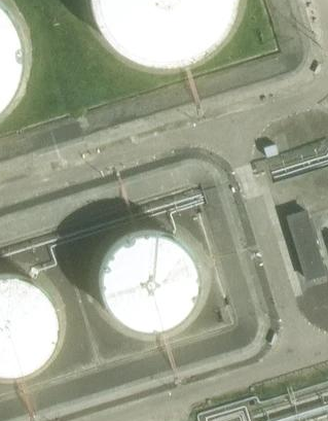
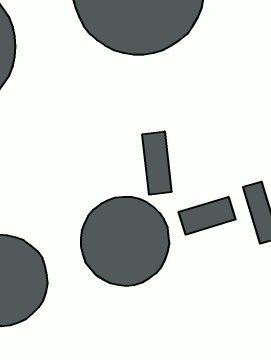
building: none -> [142,131,171,195]
building: none -> [179,197,236,235]

